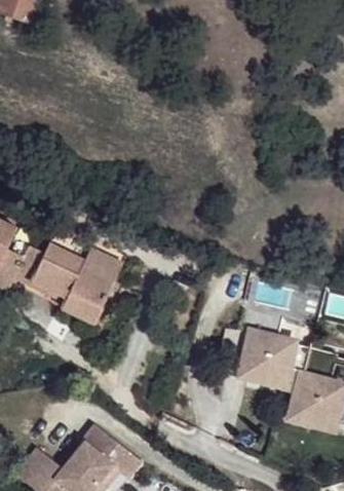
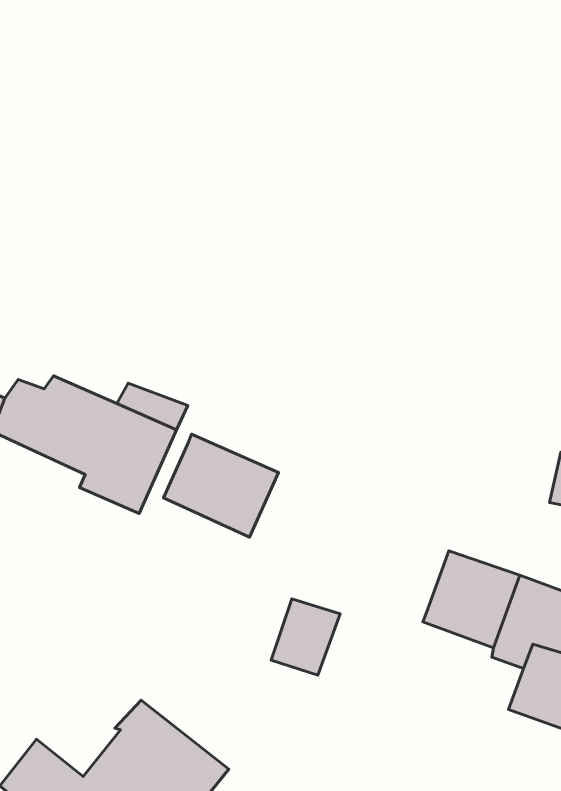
building: none -> [164,434,279,537]
building: [227,333,265,375] -> [271,599,340,675]

